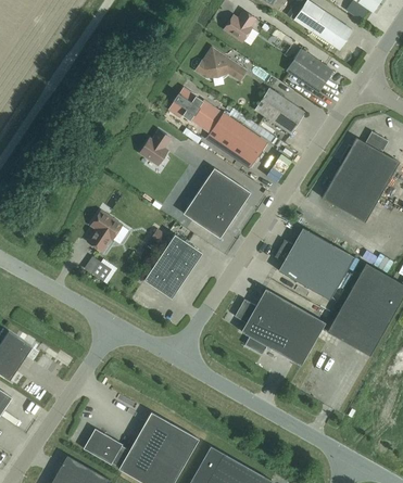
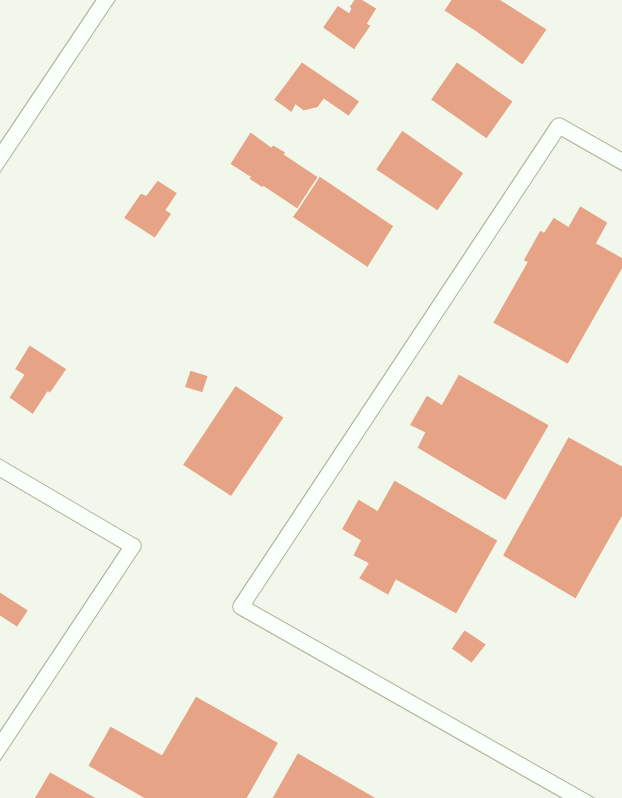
building: [139,131,171,165] -> [123,180,178,239]
building: [182,168,251,239] -> none
building: [88,212,122,252] -> [9,345,67,415]

